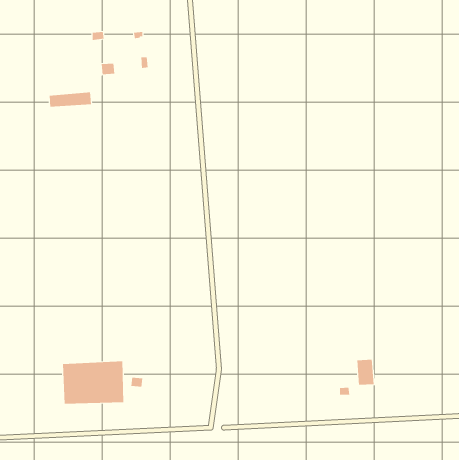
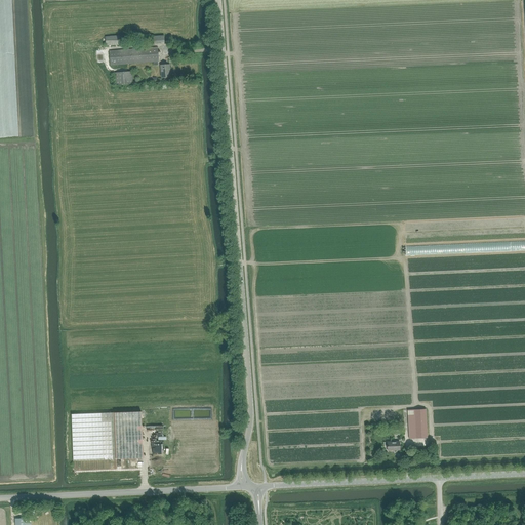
building: [49,92,92,107] -> [109,47,158,65]

